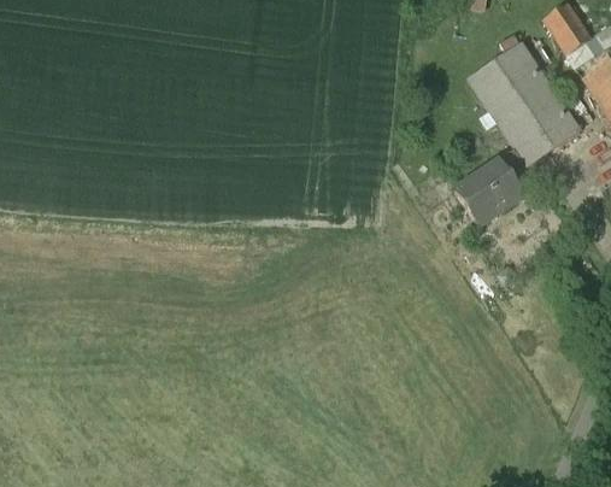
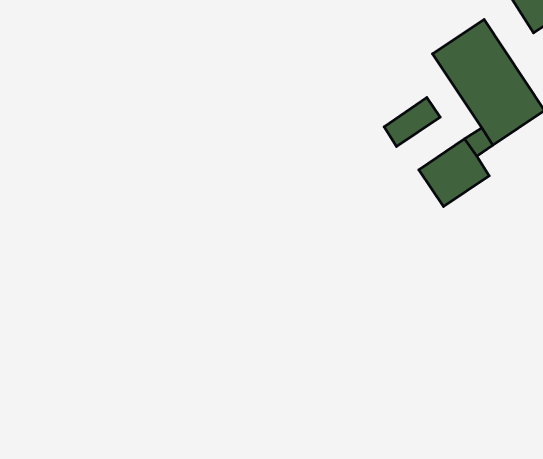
building: none -> [384,97,440,146]

